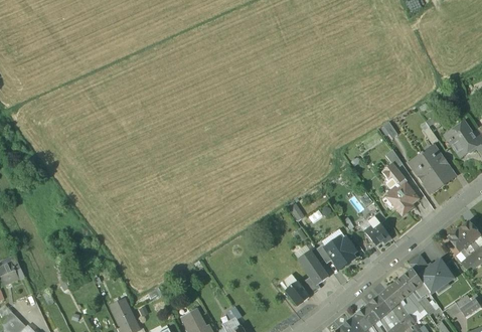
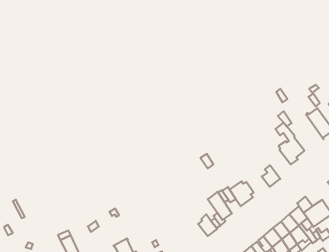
building: [411,153,443,193] -> none

